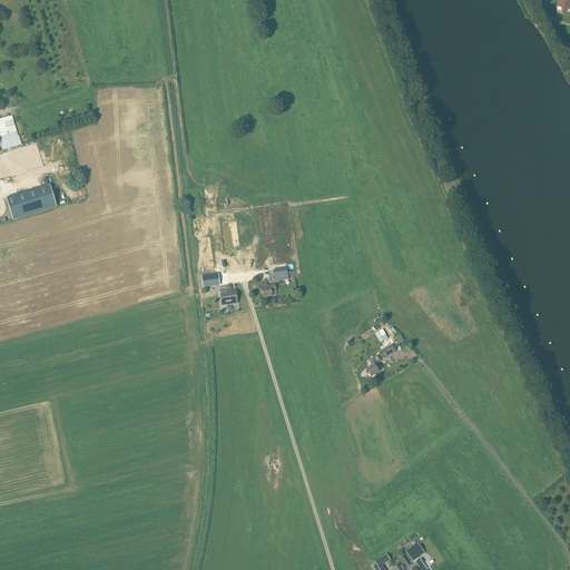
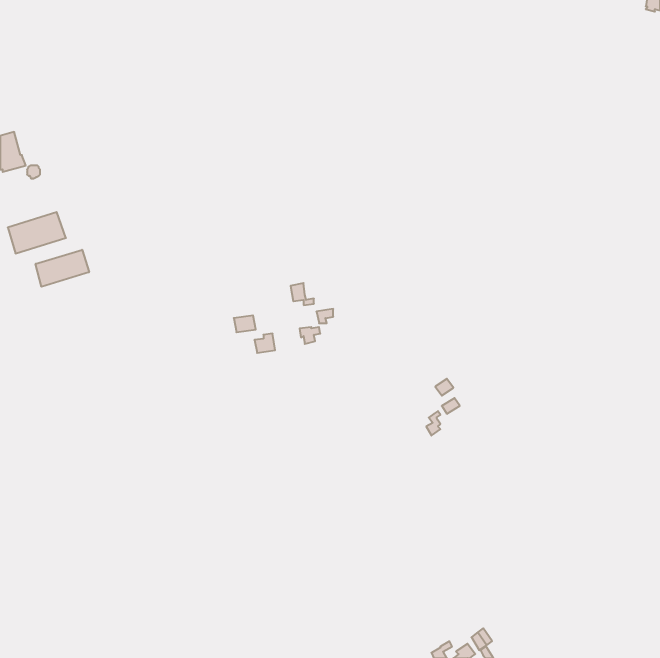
building: none -> [36,250,89,287]

